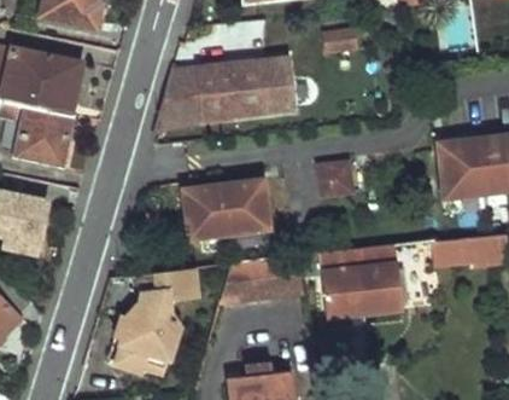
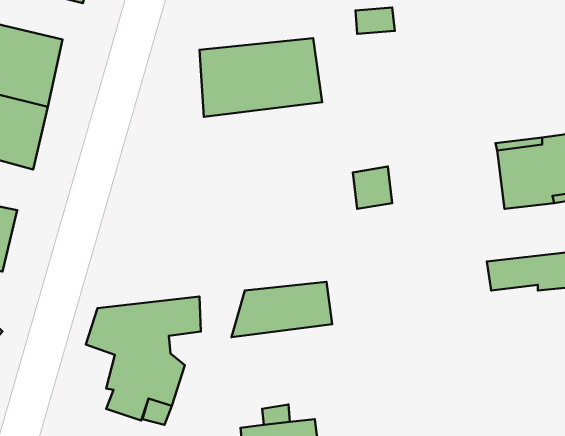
building: [153,66,199,128] -> none
building: [186,184,271,242] -> none
building: [320,247,404,317] -> none

